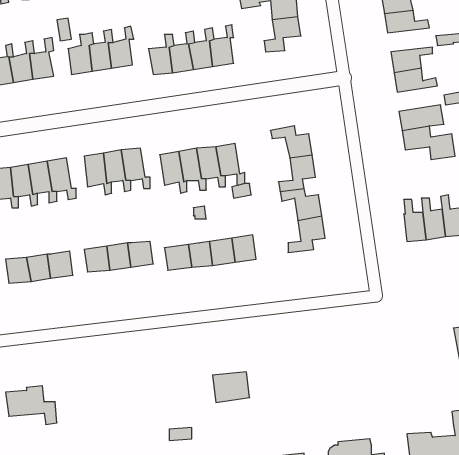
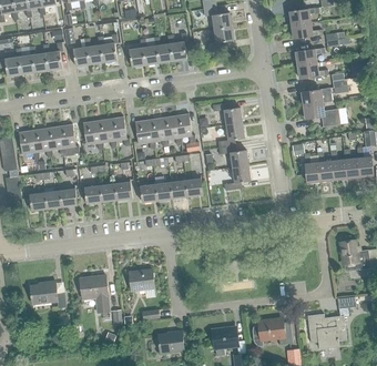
building: [213,372,250,402] -> [128,270,153,291]
building: none -> [79,275,109,313]

